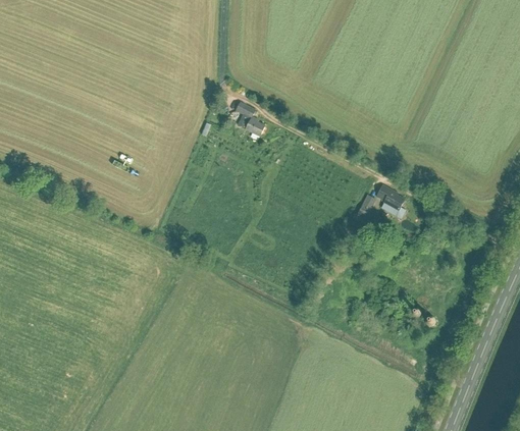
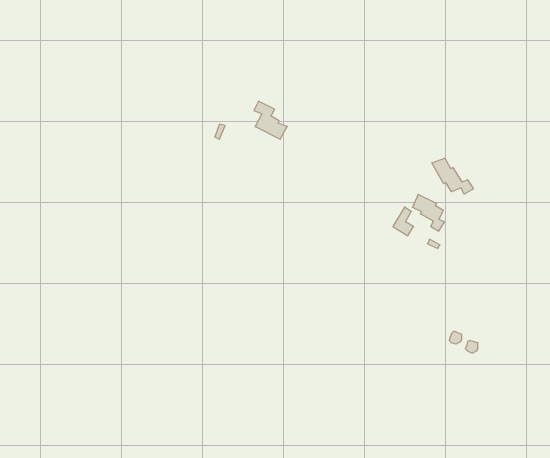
building: none -> [432,158,473,194]

